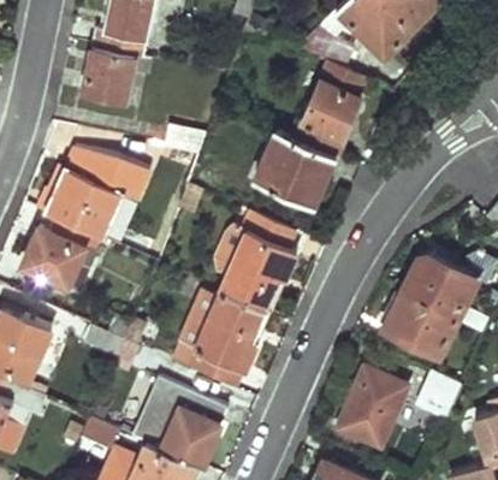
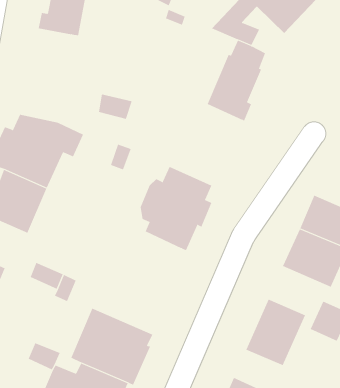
building: [85,48,134,102] -> none
building: [251,129,336,208] -> none
building: [174,288,263,386] -> none

